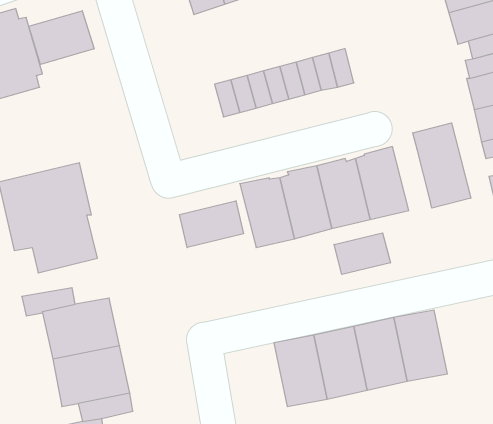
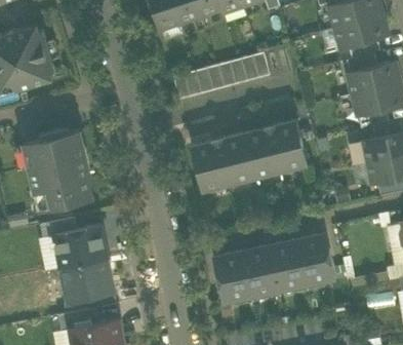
building: [29,11,94,64] -> none
building: [413,123,471,208] -> none
building: [180,201,243,248] -> none
building: [334,233,390,274] -> none

